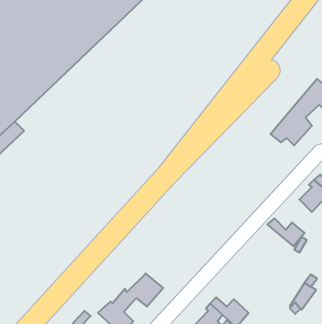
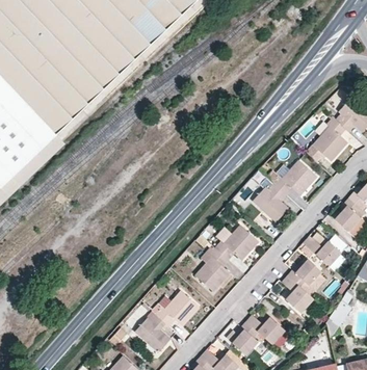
building: none -> [254,158,318,219]
building: none -> [196,223,259,289]
building: none -> [283,259,329,314]

